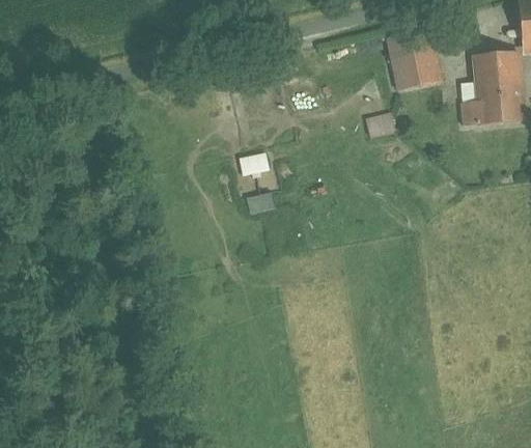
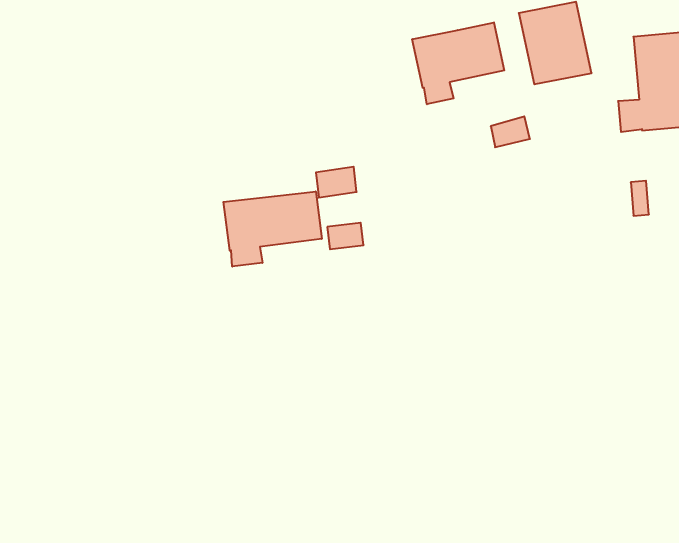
building: none -> [412,22,504,104]
building: none -> [223,191,322,267]

